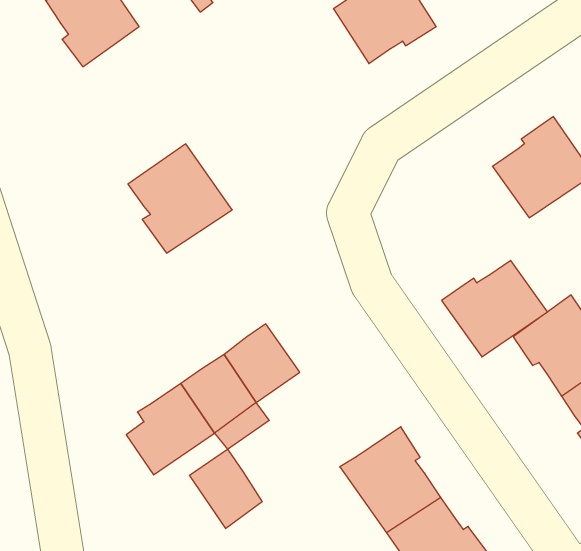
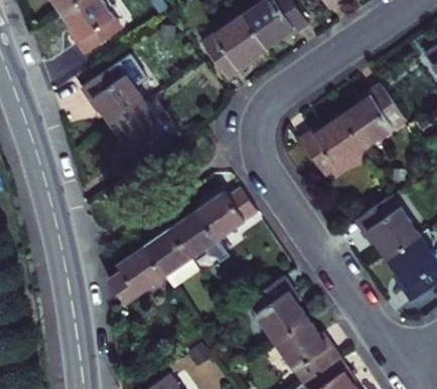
building: none -> [202,16,265,79]
building: none -> [74,48,150,126]
building: [442,260,548,357] -> [299,115,366,175]
building: none -> [200,192,261,243]
building: [190,449,262,529] -> none

